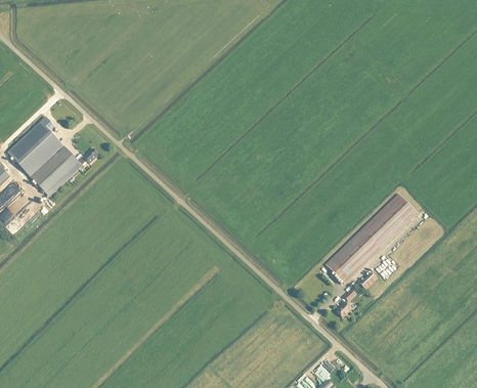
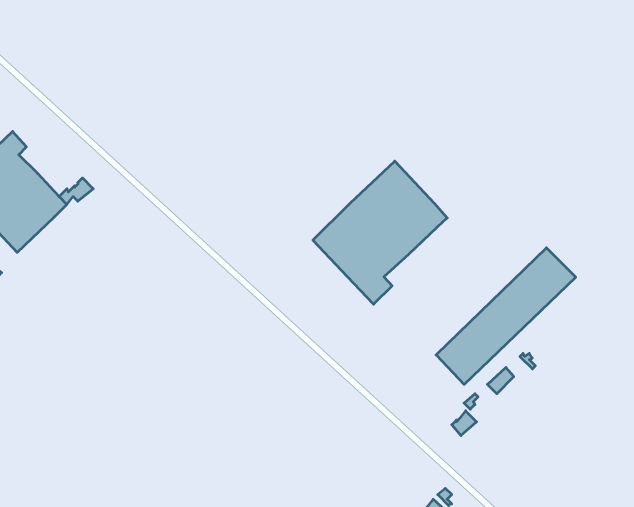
building: none -> [313,161,447,304]

